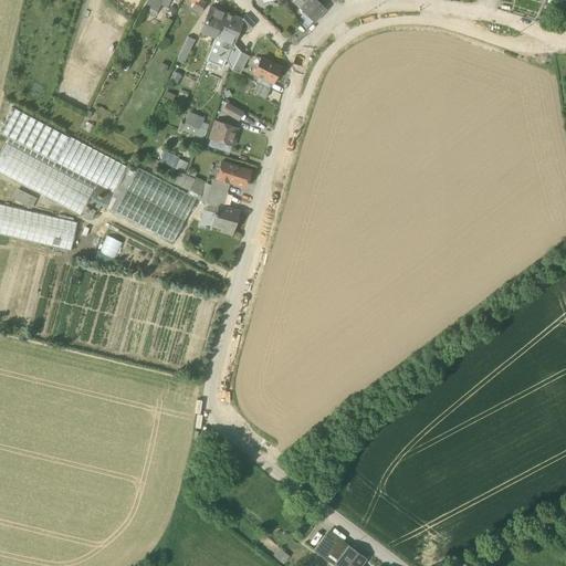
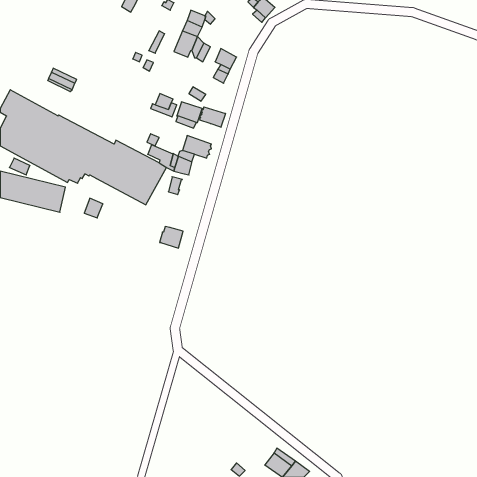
building: [201,7,227,36] -> none
building: none -> [200,107,225,127]
building: [212,206,240,231] -> [160,227,183,248]

